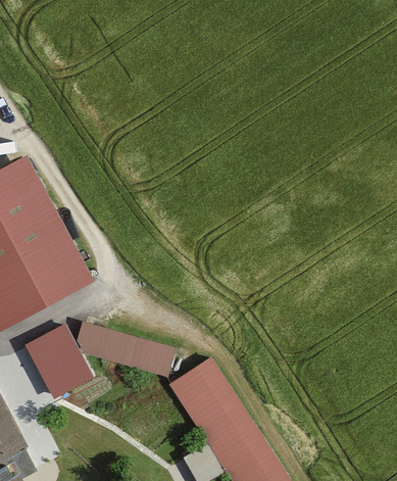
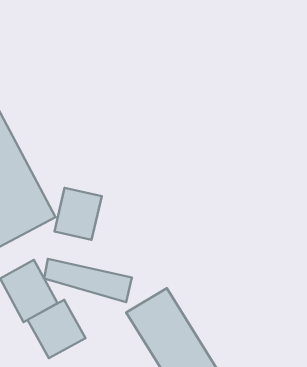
building: none -> [54,188,102,240]
building: none -> [27,300,85,358]

